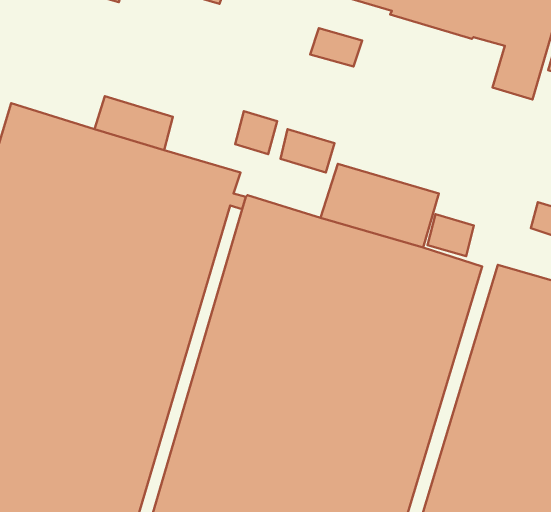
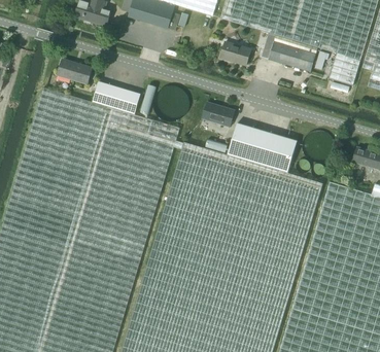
building: none -> [263,33,317,70]
building: none -> [59,58,93,82]
building: [235,111,277,154] -> none
building: [428,214,474,256] -> none

